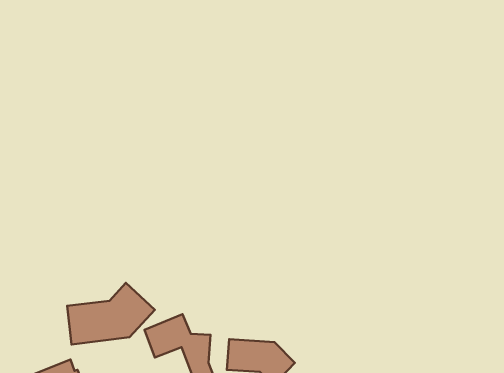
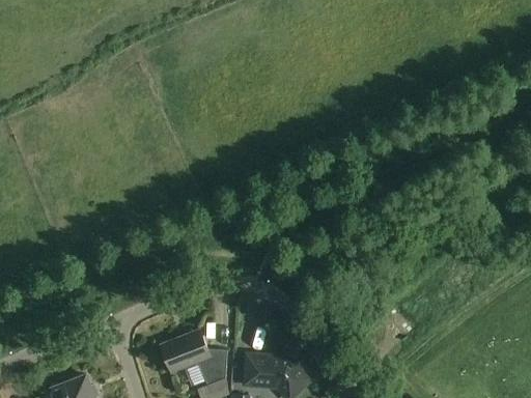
building: [67,283,155,344] -> none

